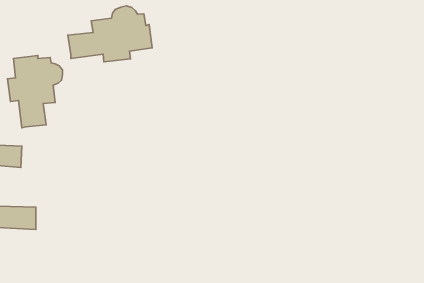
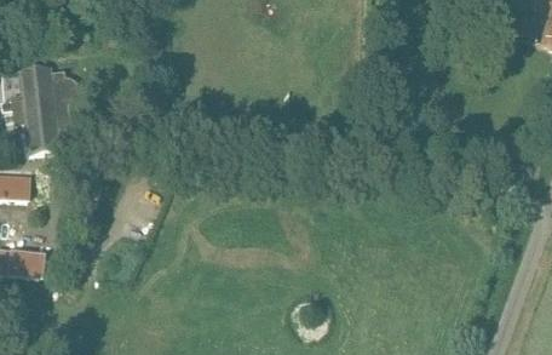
building: [68,6,152,62] -> none

